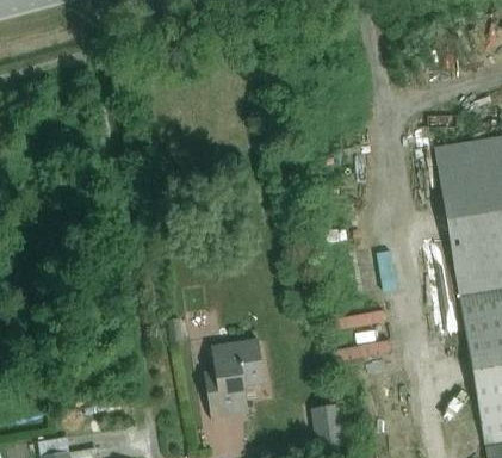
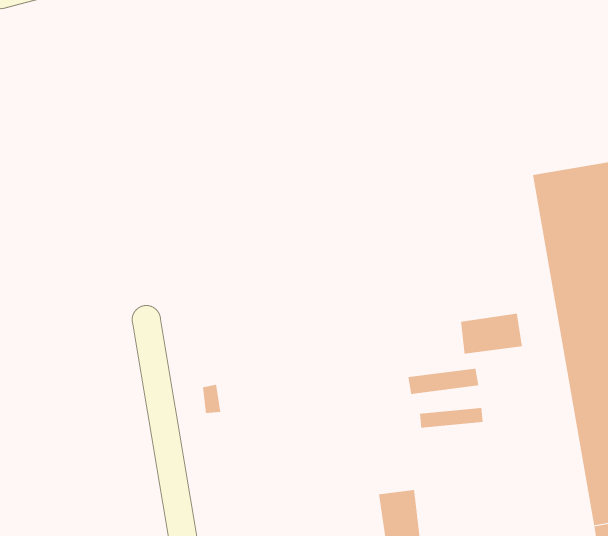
building: none -> [461,313,523,354]
building: [204,339,266,420] -> none

